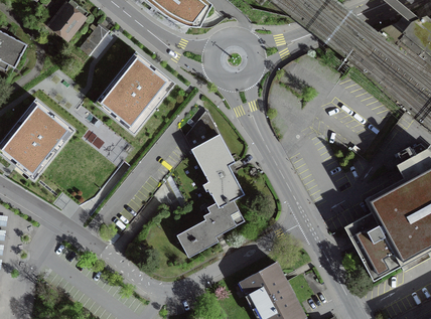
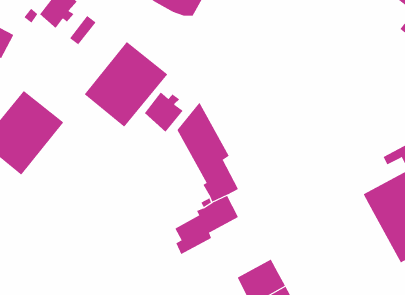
building: none -> [144,92,183,132]
building: [344,211,401,280] -> none

